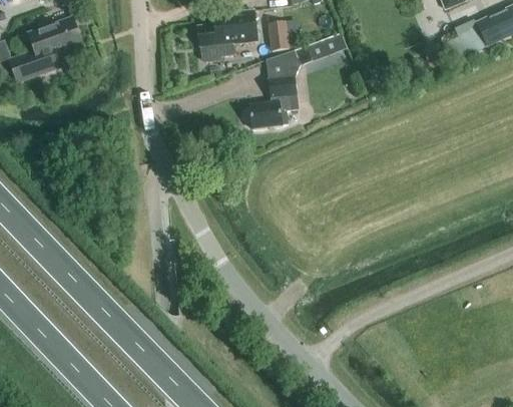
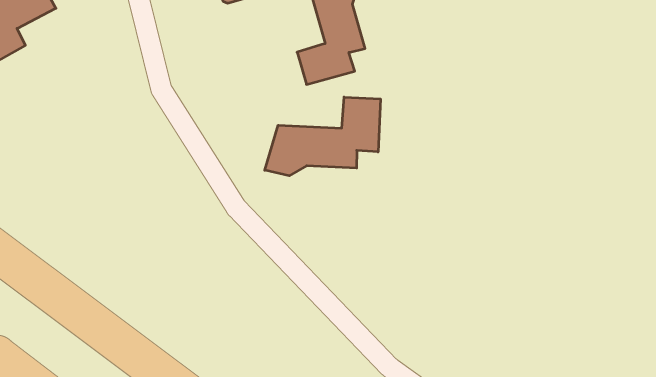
building: none -> [265,97,380,176]

